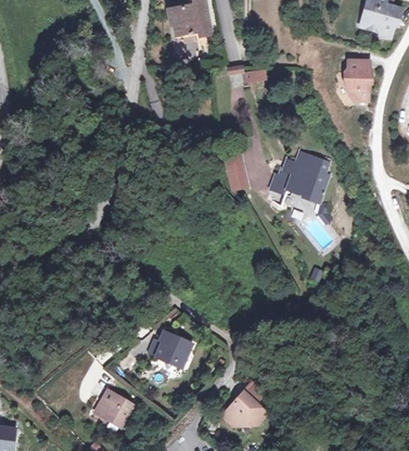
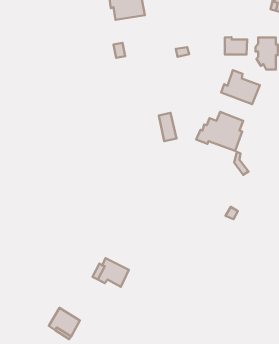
building: none -> [225,37,247,55]
building: none -> [221,70,260,104]
building: [221,391,267,427] -> none

